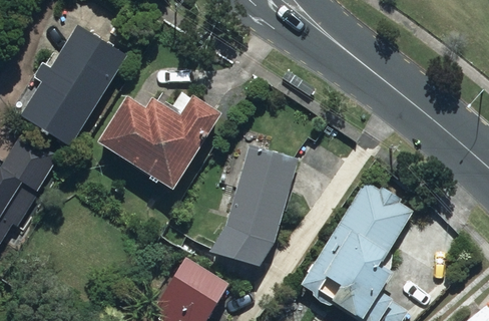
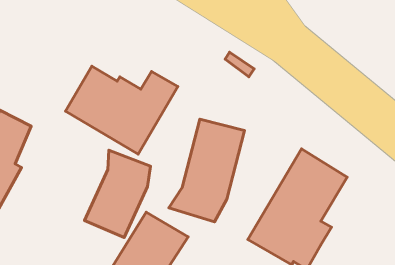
building: [23,28,124,144] -> none
building: none -> [84,150,151,238]

